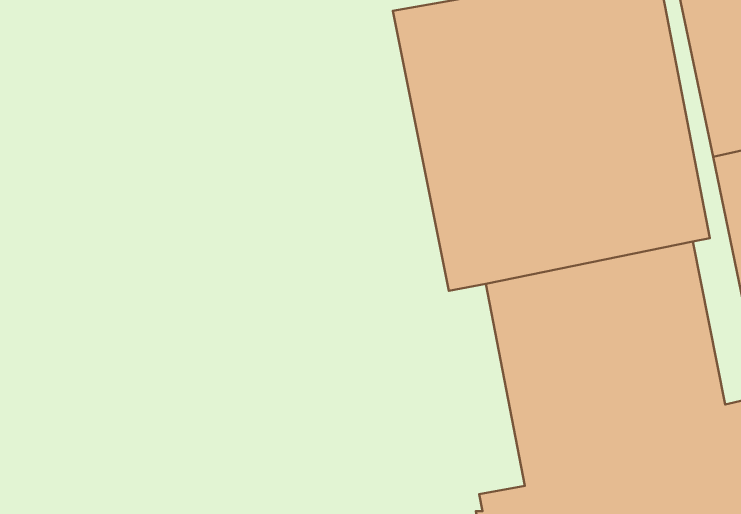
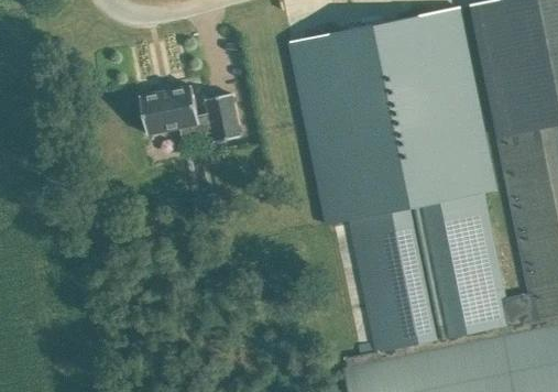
building: none -> [140,85,240,141]

